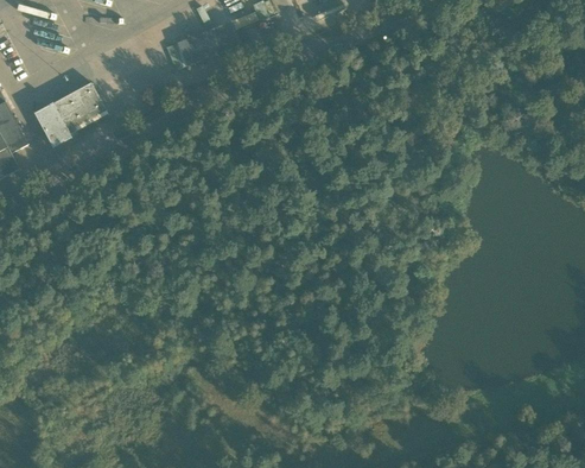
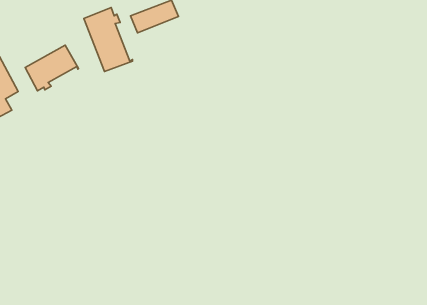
building: none -> [84,7,133,72]

